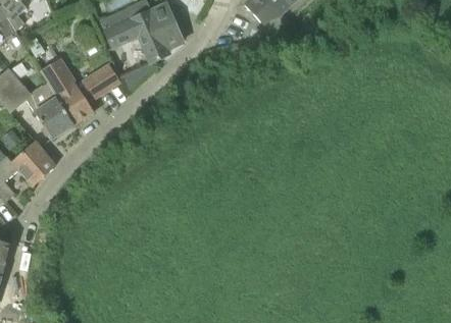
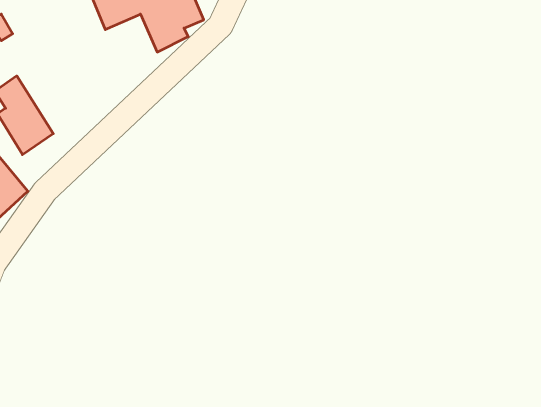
building: [42,62,93,124] -> none
building: [85,64,120,98] -> none

